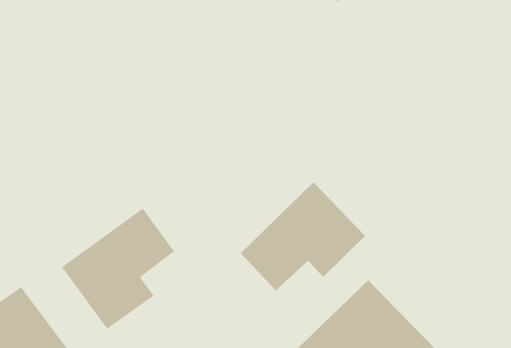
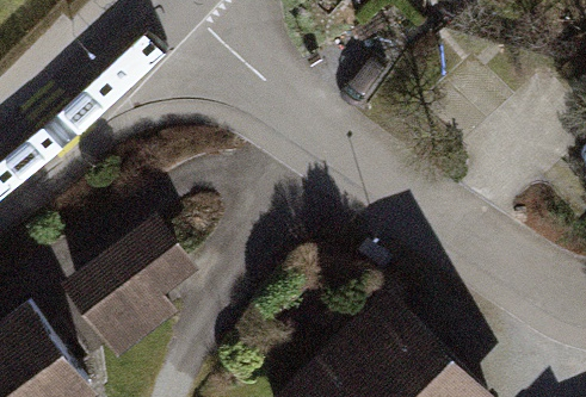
building: [240,181,366,291] -> none

